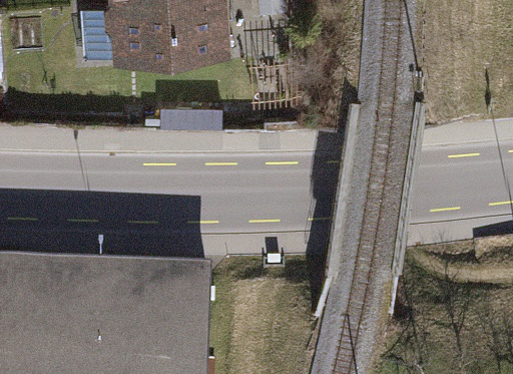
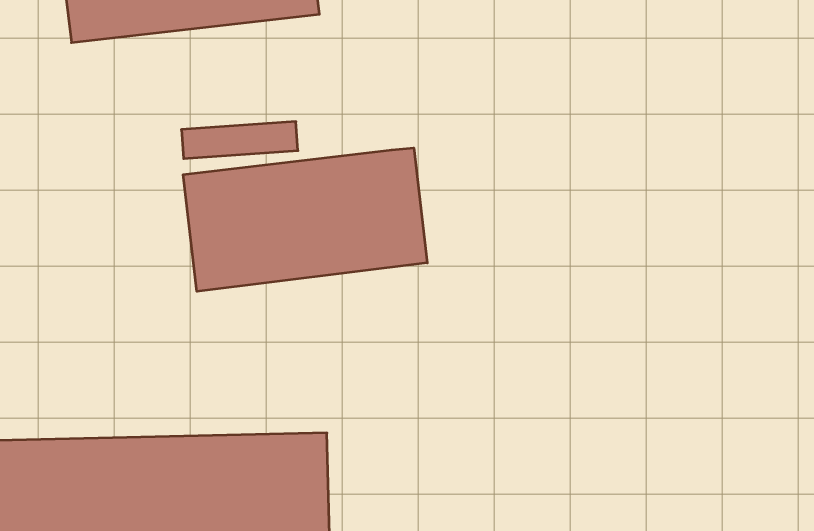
building: none -> [183,148,427,291]

